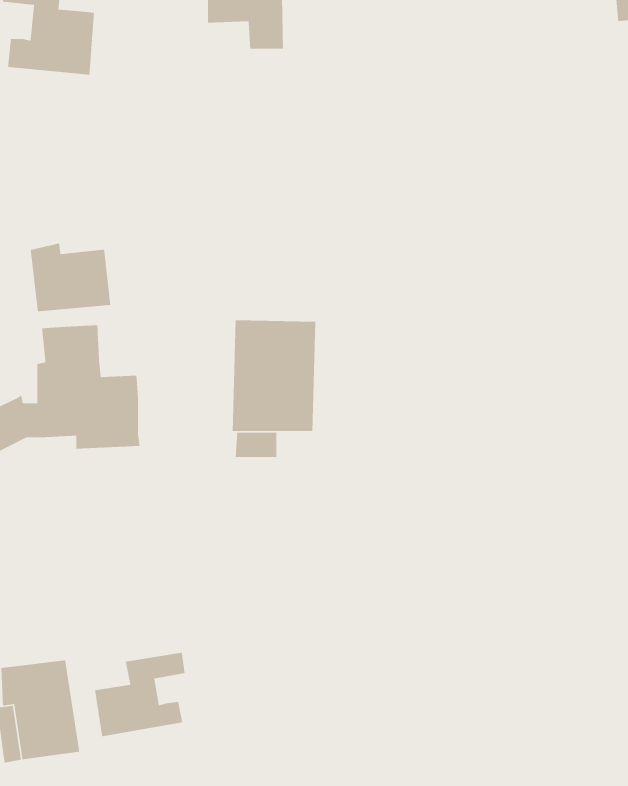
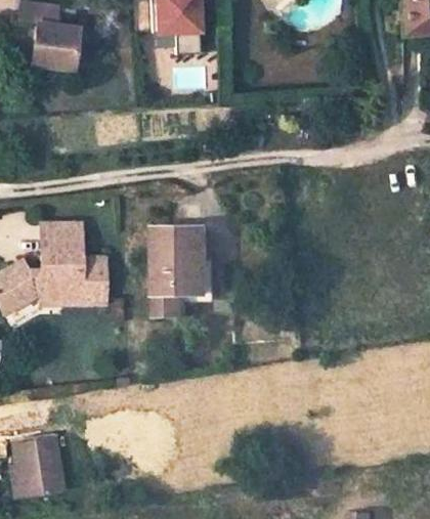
building: [30,243,111,312] -> none
building: [94,652,185,737] -> none

